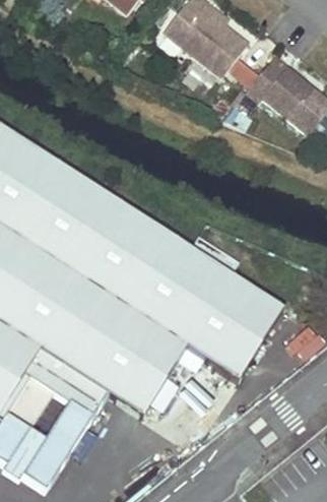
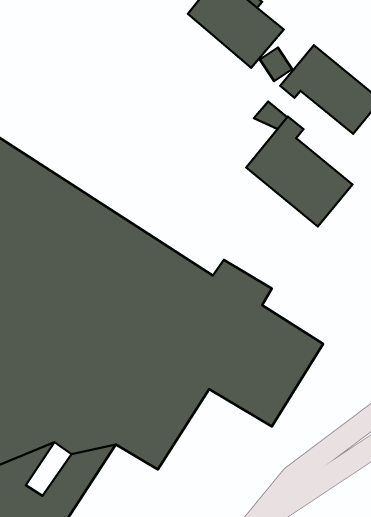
building: none -> [246,117,352,227]

